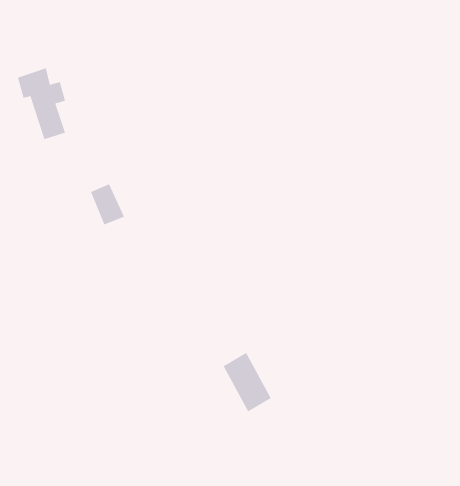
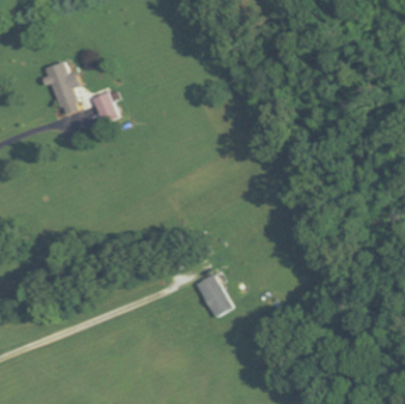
building: [90,184,125,225] -> [91,91,117,122]

